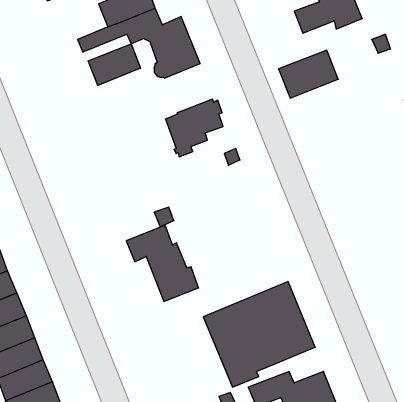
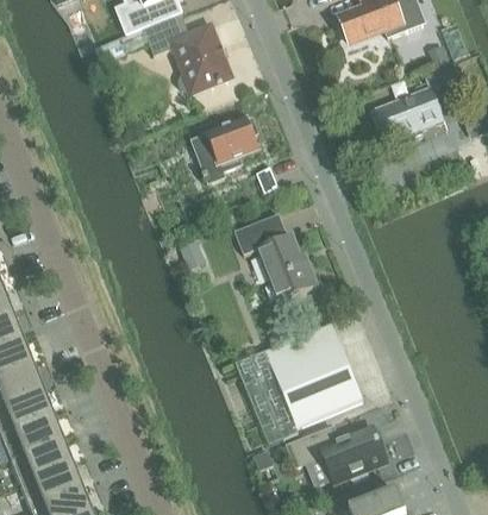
building: [88,44,141,85] -> none
building: [279,50,338,98] -> [375,87,443,142]
building: [126,225,199,301] -> [234,213,317,300]

